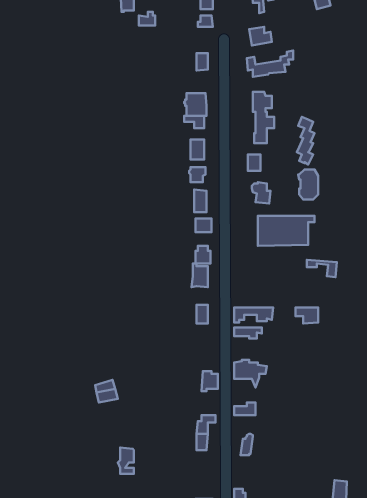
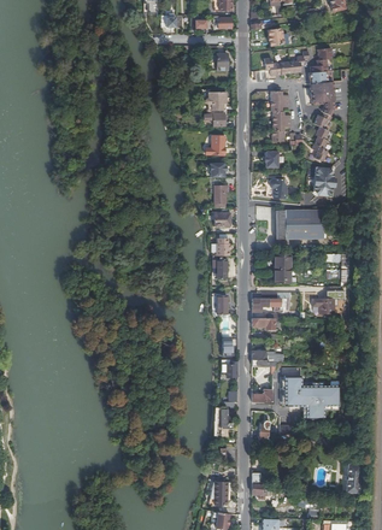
building: none -> [308,48,334,114]
building: none -> [274,254,295,282]
building: none -> [284,375,340,419]

